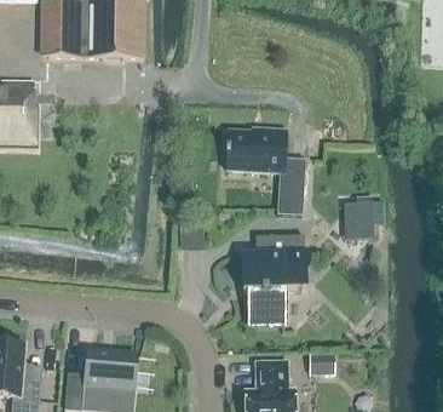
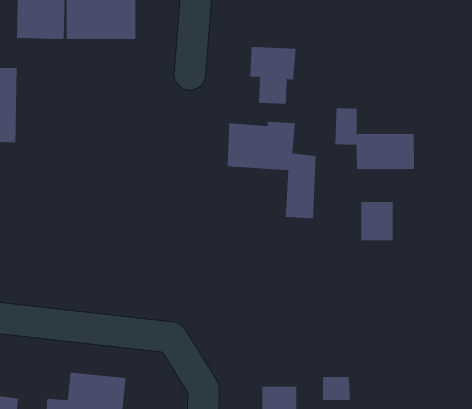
building: none -> [249,46,296,105]
building: none -> [335,107,415,170]
building: [241,234,304,324] -> none

